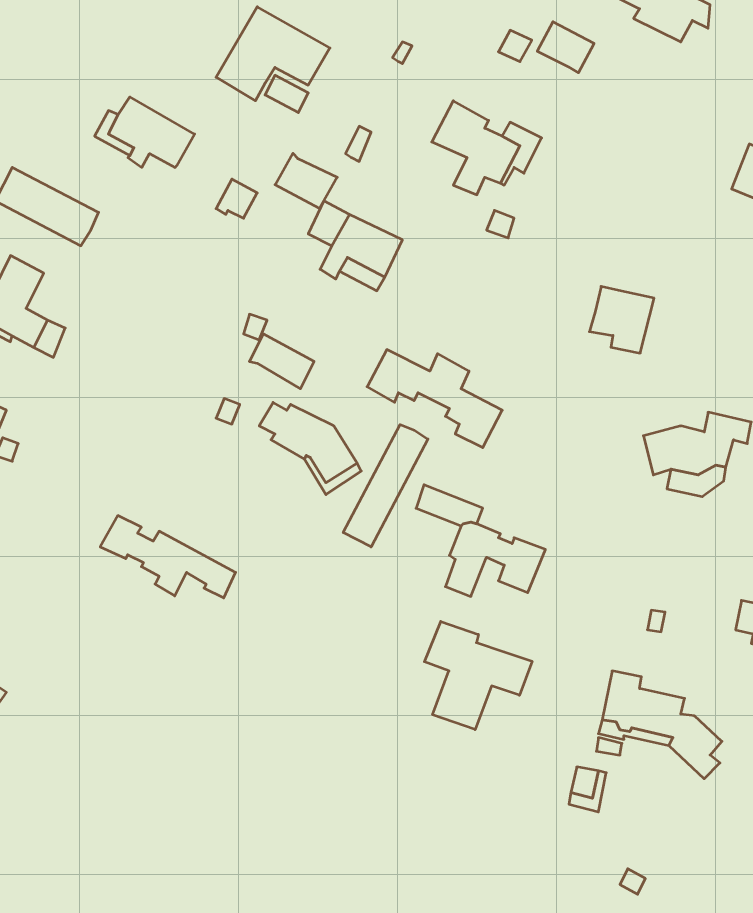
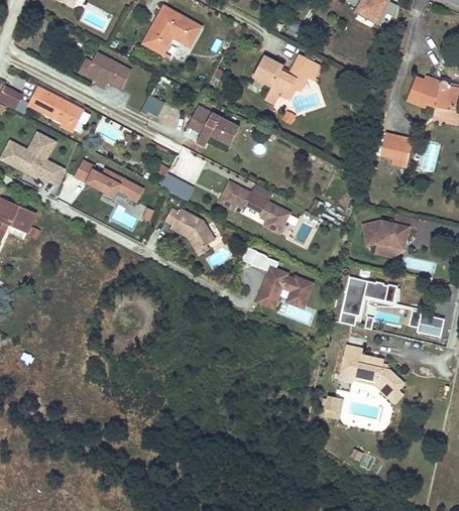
building: [537,22,594,73] -> [294,49,323,76]
building: [275,153,337,209] -> none
building: [589,286,654,353] -> [379,133,413,167]
building: [343,425,428,547] -> none
building: [100,516,236,598] -> [73,162,142,205]
building: none -> [340,275,397,325]
building: [424,621,532,730] -> none

